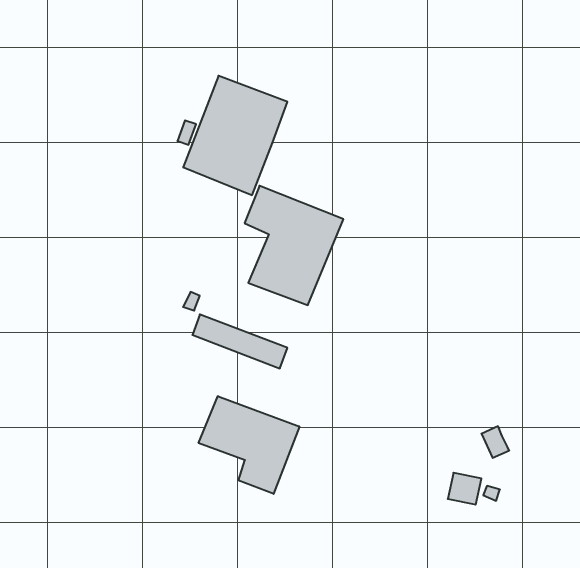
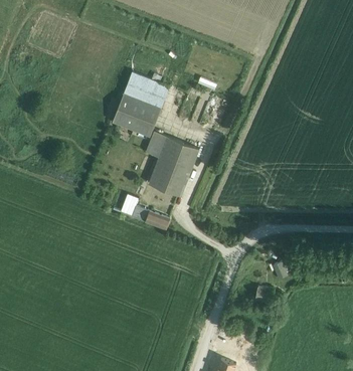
building: [199,396,299,494] -> none

